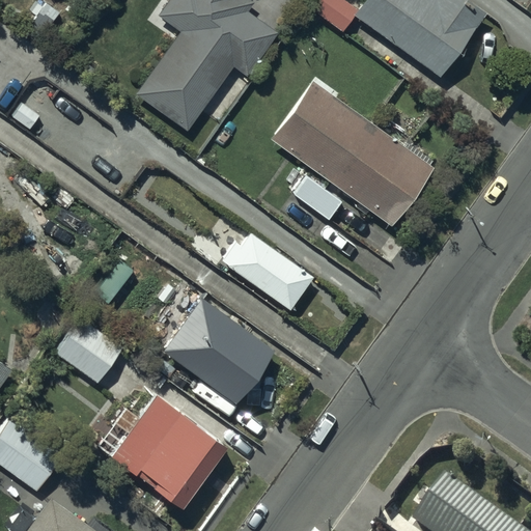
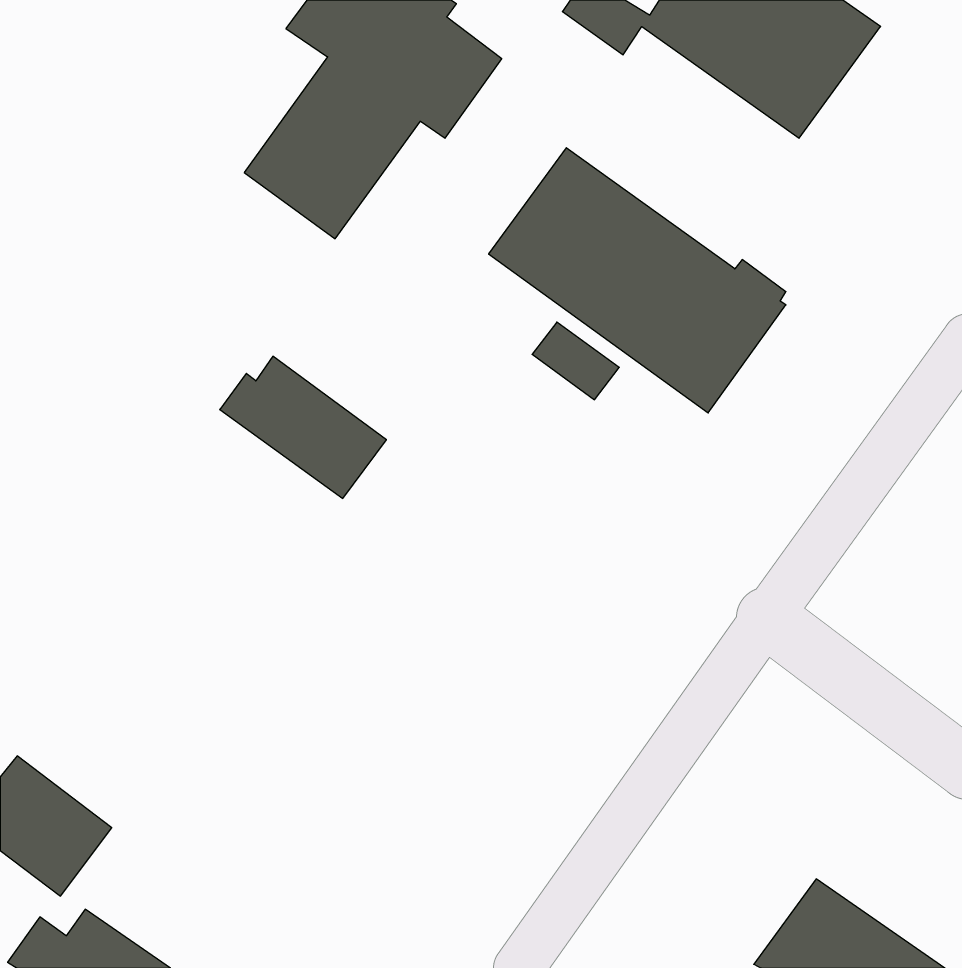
building: [222,231,313,309] -> [220,356,386,498]
building: [163,299,273,403] -> none
building: [57,317,123,382] -> none
building: [112,397,225,508] -> none

